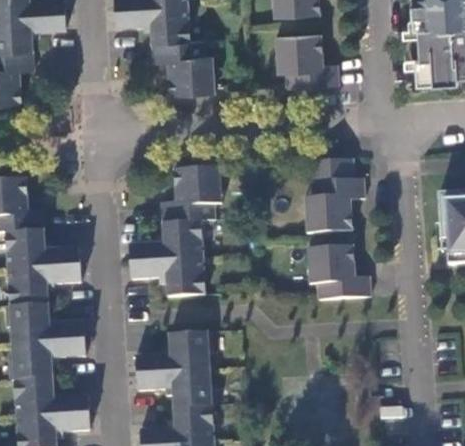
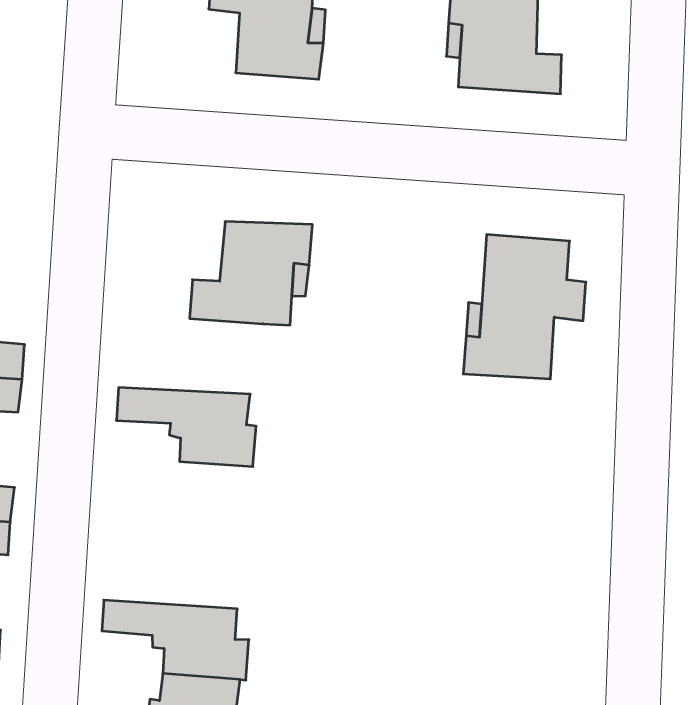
building: [129,221,201,263] -> none
building: [307,246,369,300] -> none
building: [135,331,211,373] -> none

